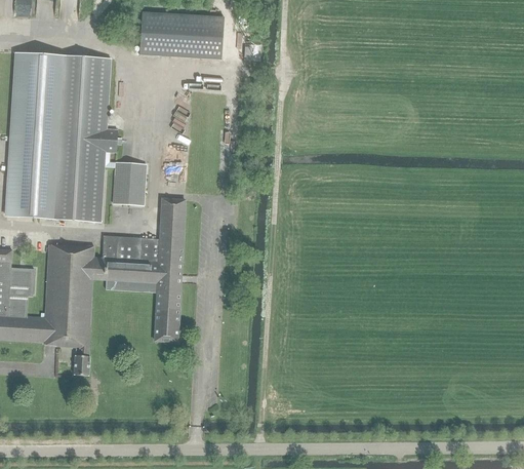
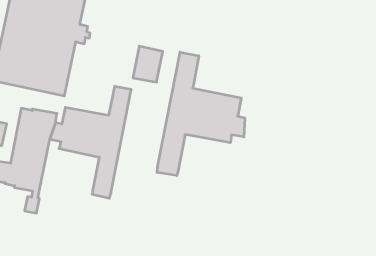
building: none -> [157,52,245,176]
building: [112,161,145,203] -> [133,46,163,82]

